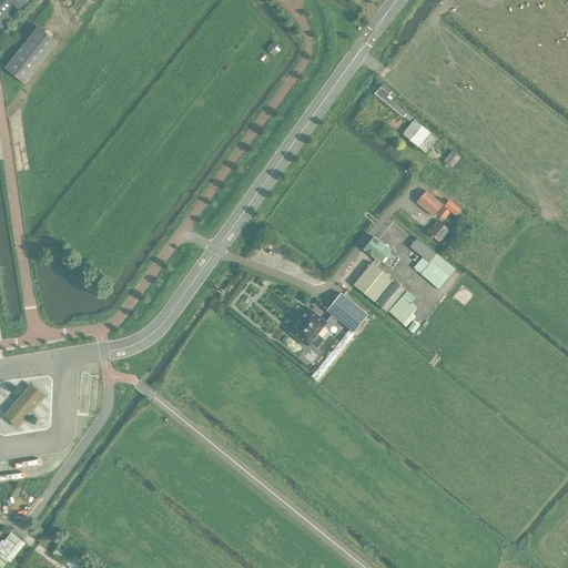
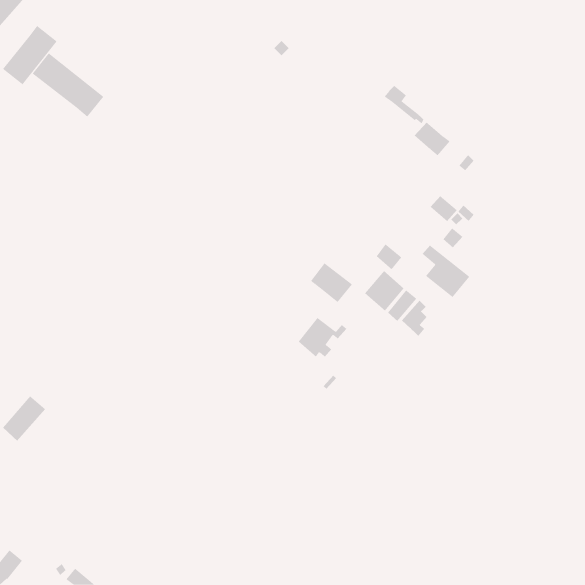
building: none -> [32,53,104,118]
building: [325,292,366,331] -> [310,262,353,303]

